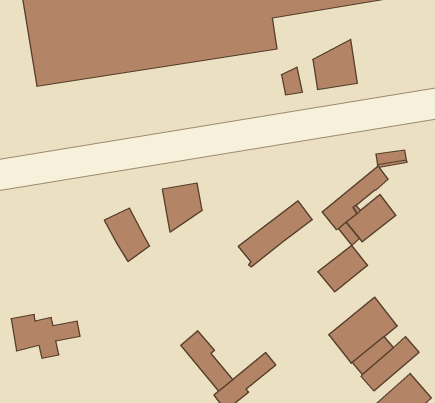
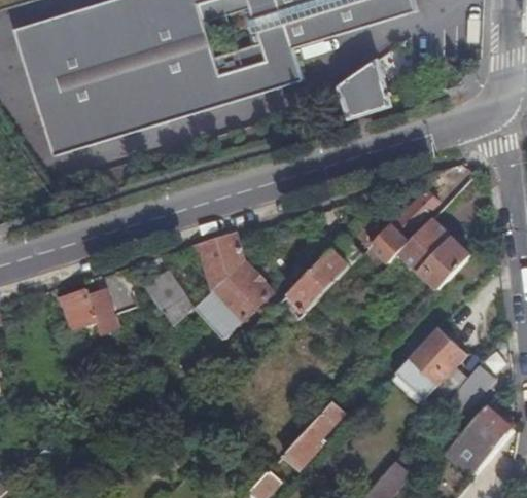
building: none -> [194,260,274,339]
building: [318,245,368,292] -> [417,238,468,289]
building: [11,314,80,358] -> [62,288,137,333]
building: [181,331,233,391] -> none

